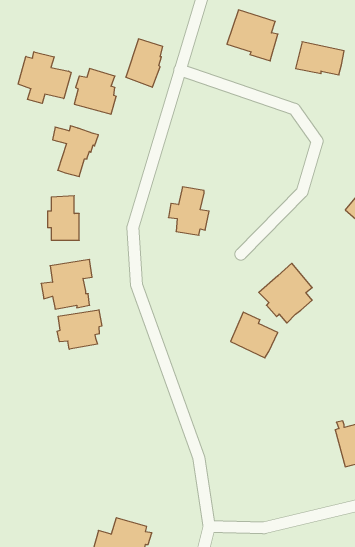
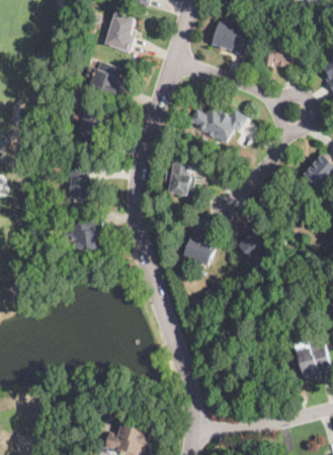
building: [126,39,163,87] -> [103,13,133,52]
building: [18,52,71,103] -> none
building: none -> [189,105,245,143]
building: [57,310,102,349] -> none
building: [231,312,278,358] -> [180,230,218,267]

